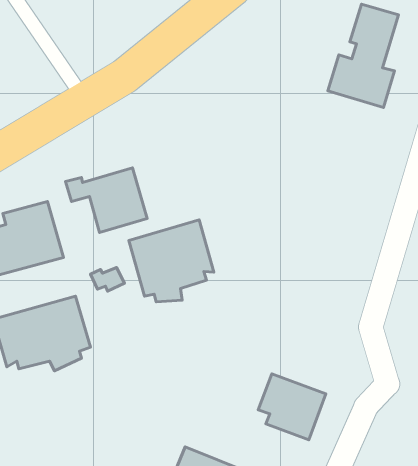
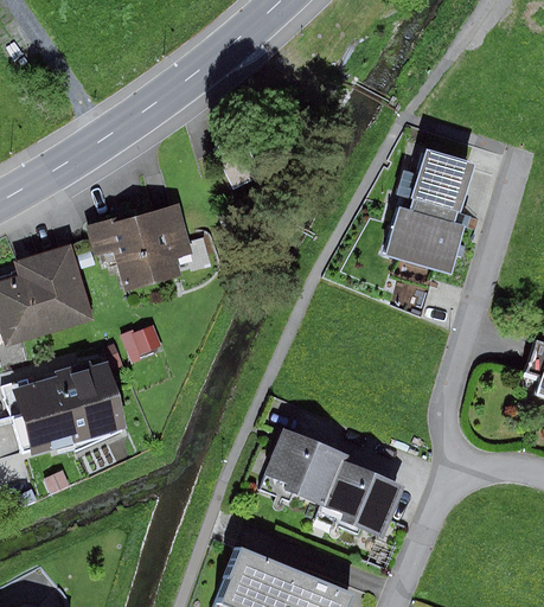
building: [328,4,399,108] -> [384,148,468,271]
building: [129,220,214,302] -> none
building: none -> [264,427,341,500]

